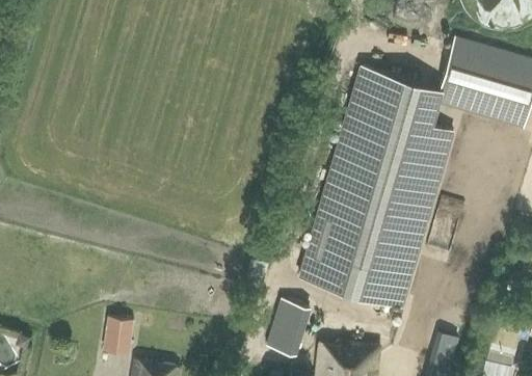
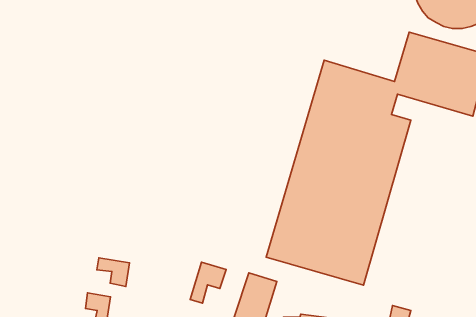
building: none -> [97,258,129,286]
building: none -> [190,262,226,303]

